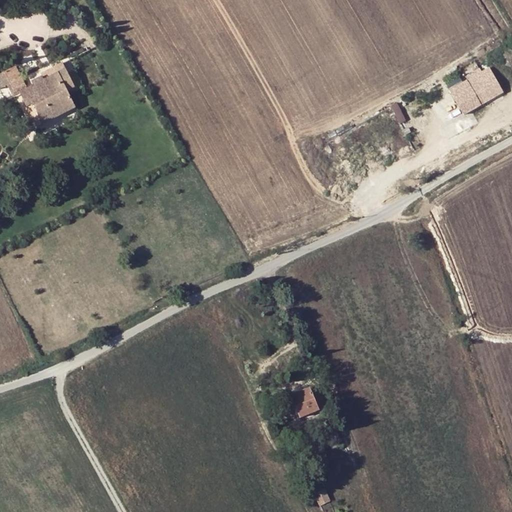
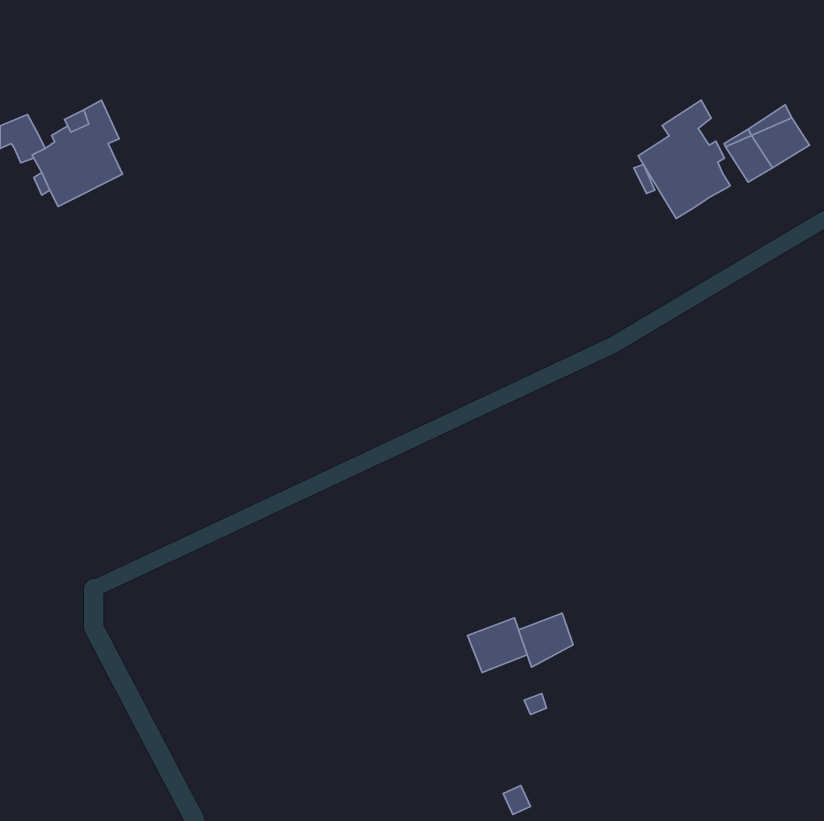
building: none -> [638,100,730,218]
building: none -> [519,613,573,667]

